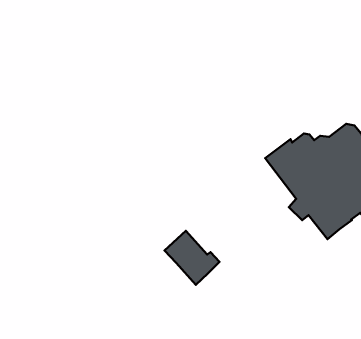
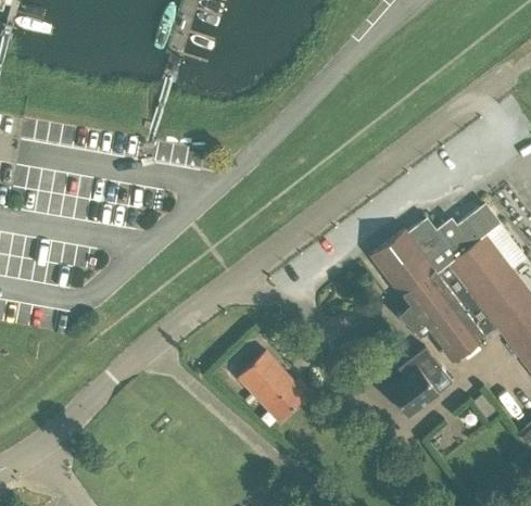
building: none -> [388,356,442,416]

